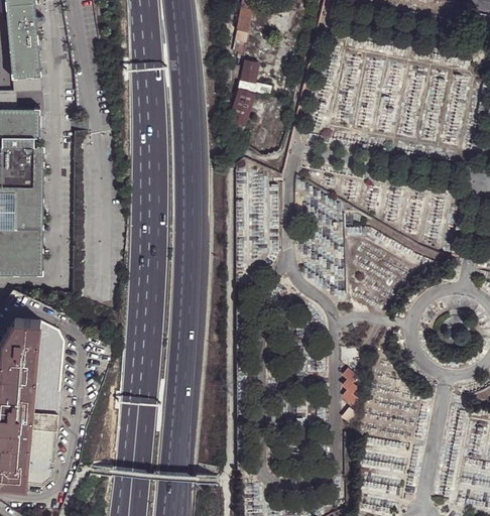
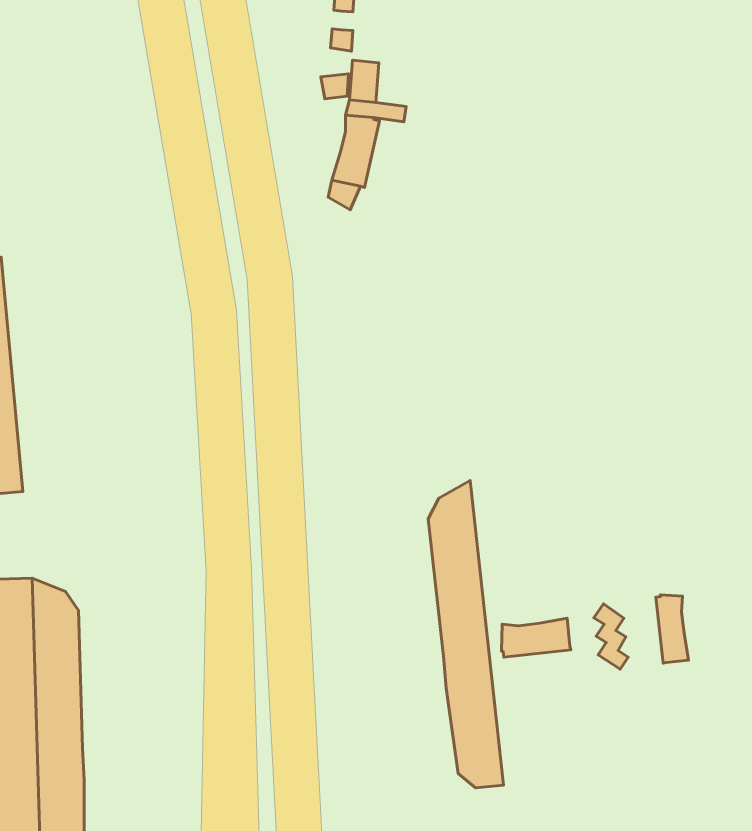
building: none -> [428,480,503,788]
building: none -> [656,595,689,663]
building: none -> [501,618,571,657]

